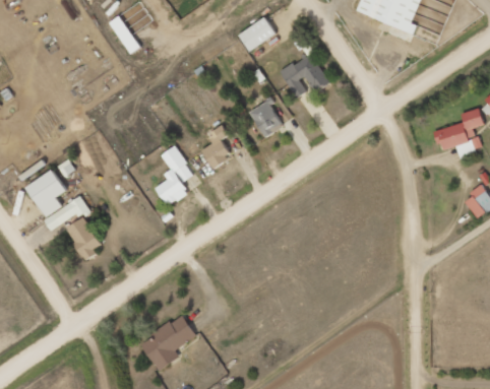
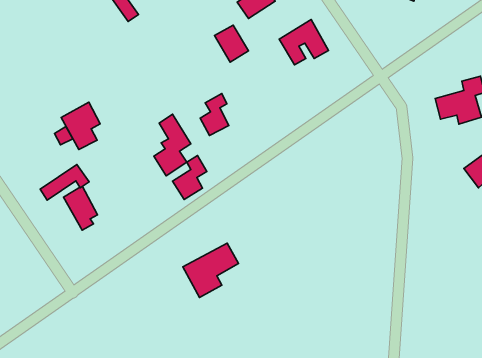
building: [249,101,283,137] -> [215,25,248,62]
building: [25,170,64,216] -> [61,102,100,149]
building: none -> [172,155,207,200]
building: [140,316,195,370] -> [183,243,238,298]

